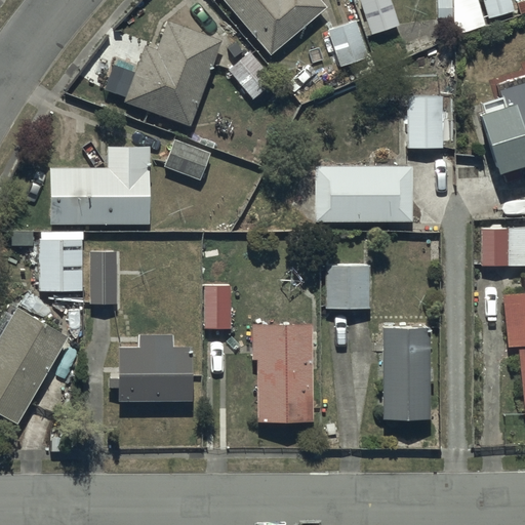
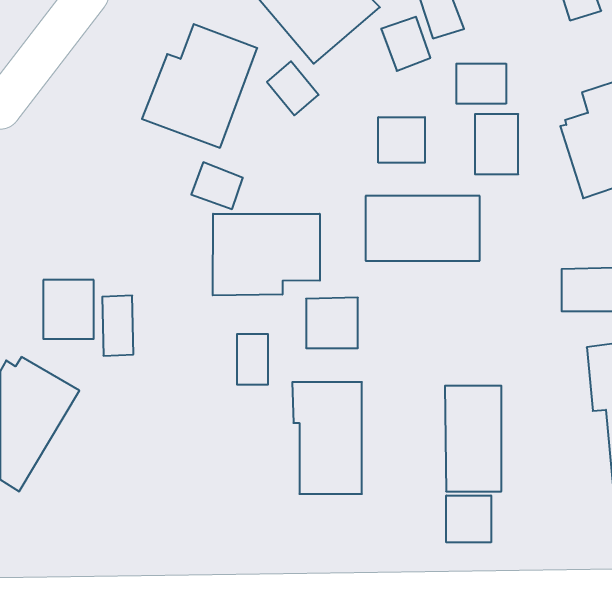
building: none -> [456,64,506,104]
building: none -> [378,117,425,163]
building: [50,150,148,226] -> none
building: none -> [213,214,320,295]
building: [324,257,368,300] -> [306,298,358,348]
building: [109,336,192,403] -> none
building: none -> [446,495,491,542]

